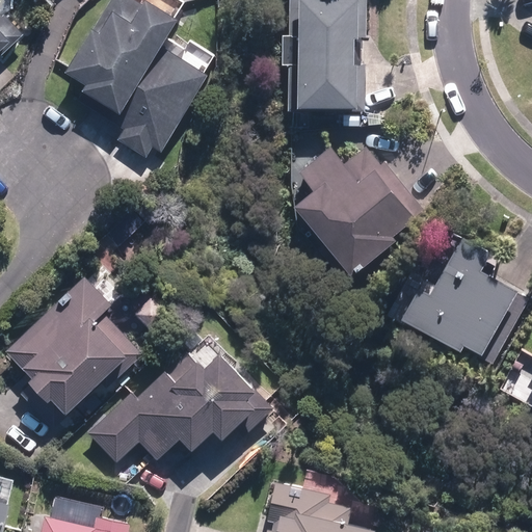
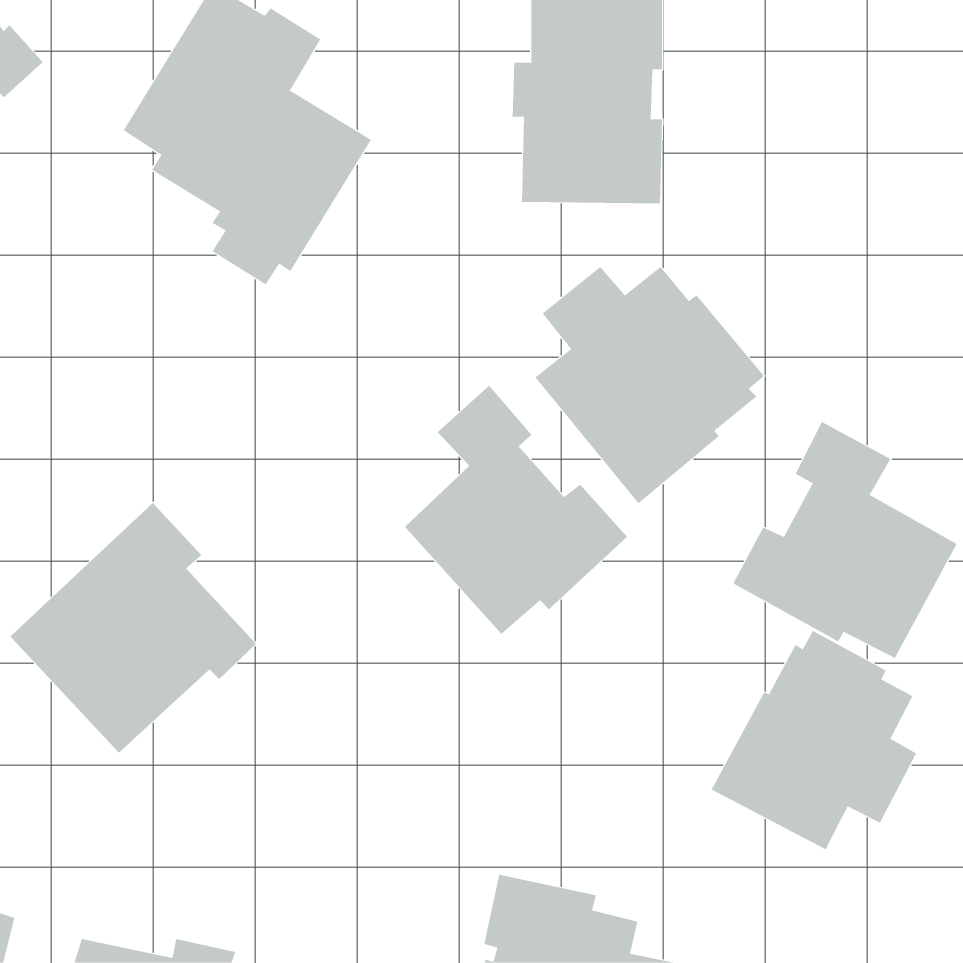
building: none -> [404,385,628,635]
building: none -> [711,630,917,850]
building: [87,352,273,463] -> none

